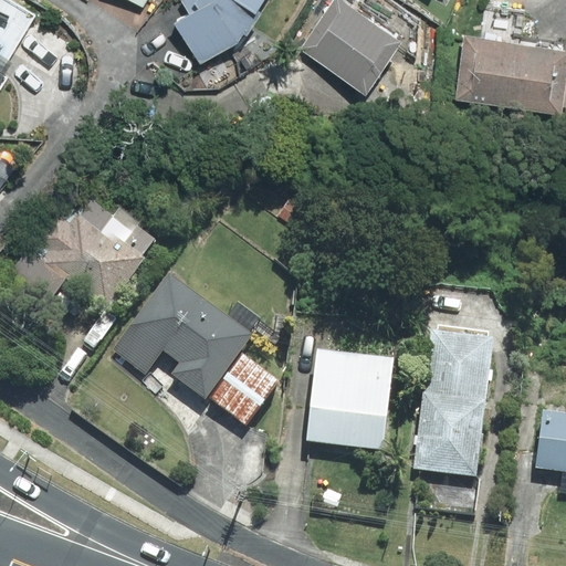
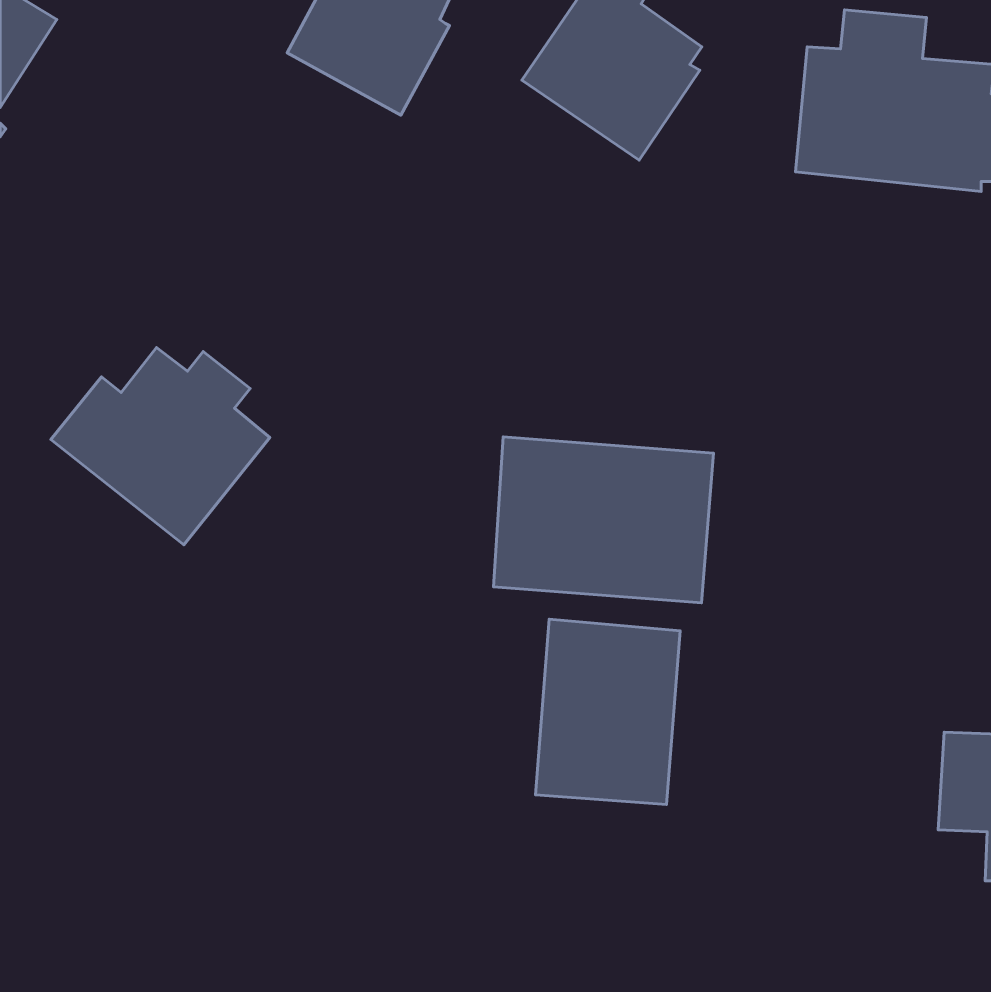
building: none -> [493,437,714,603]
building: [114,275,277,431] -> none
building: [417,334,489,474] -> none

